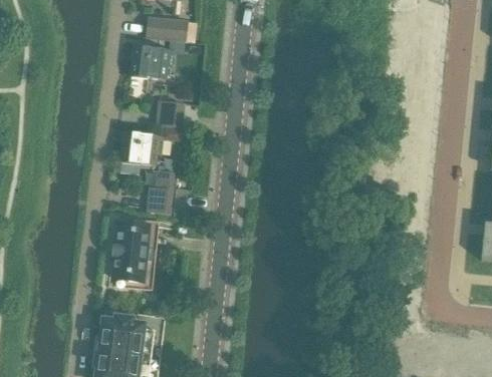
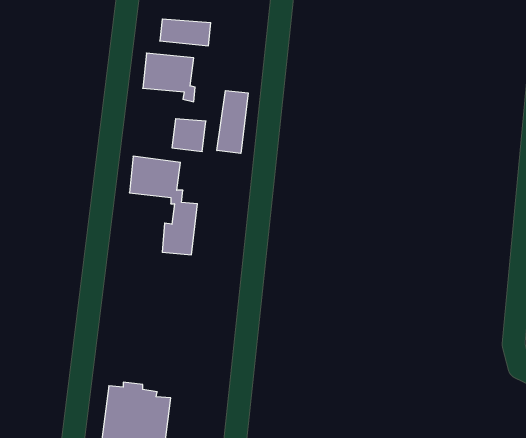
building: none -> [217,91,248,153]
building: [107,217,159,289] -> none

